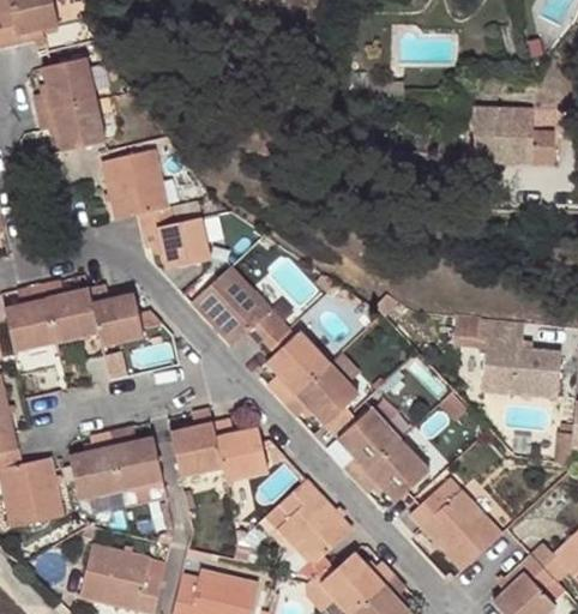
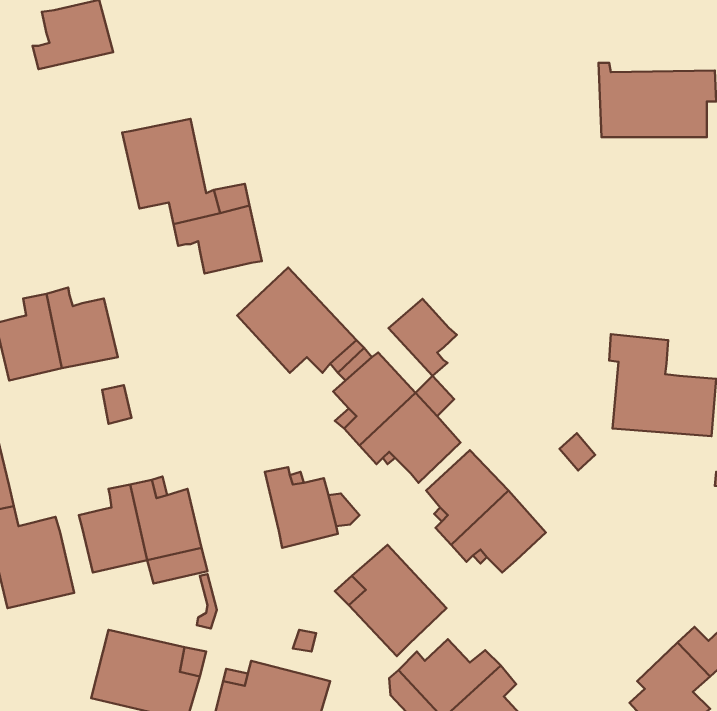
building: [37,97,104,151] -> none
building: [88,284,162,345] -> none
building: none -> [388,299,457,376]
building: [170,408,223,477] -> none
building: [410,475,502,568] -> none

